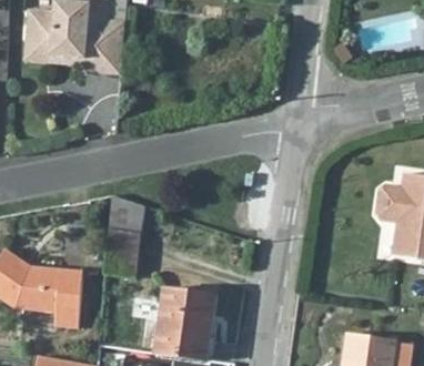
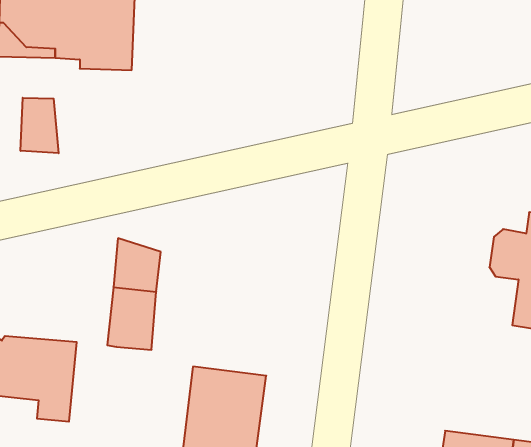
building: none -> [21,98,59,153]

